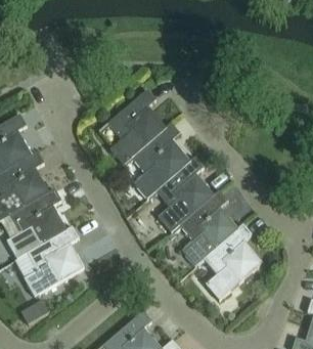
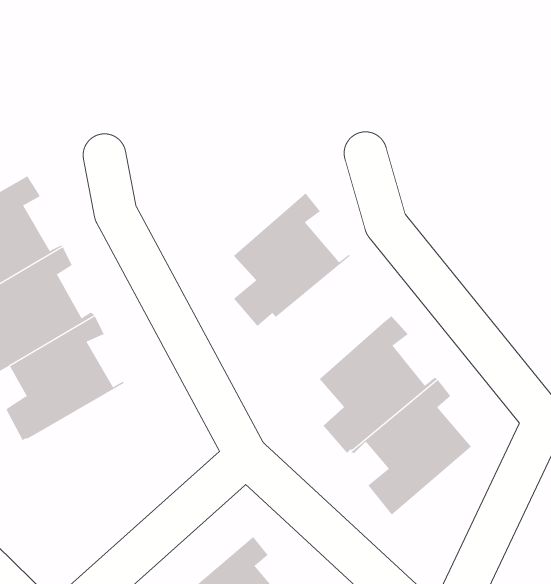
building: [106,89,172,164] -> none
building: [155,158,214,232] -> none
building: [19,227,84,296] -> none

